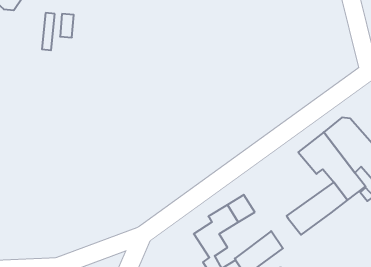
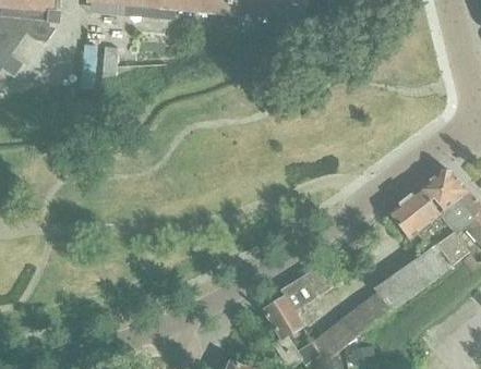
building: none -> [356,290,392,325]

